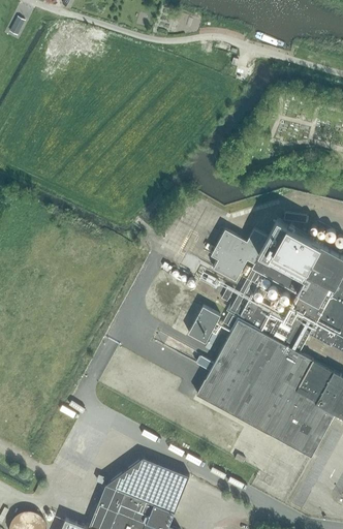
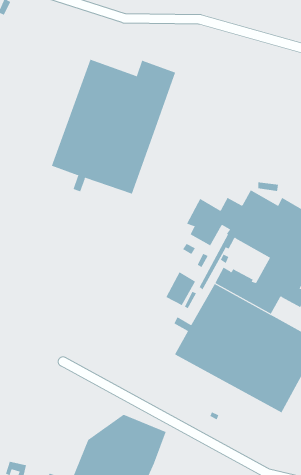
building: none -> [51,59,176,194]

